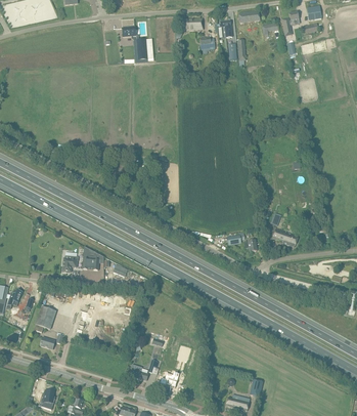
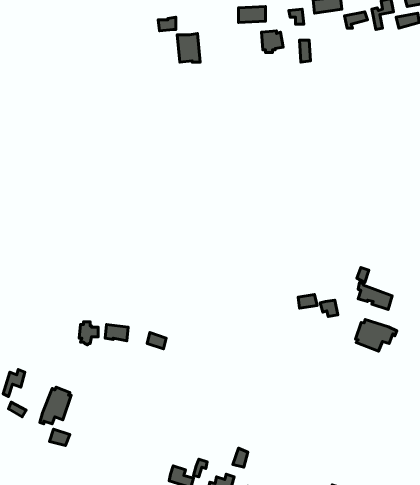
building: none -> [355,319,397,351]

